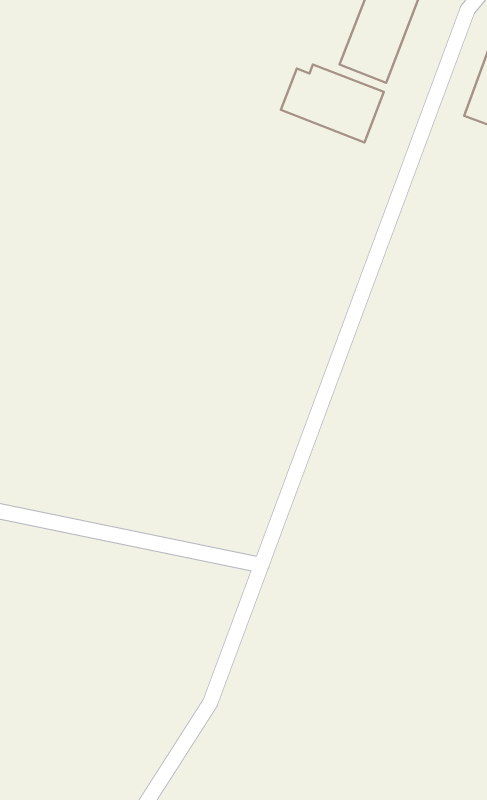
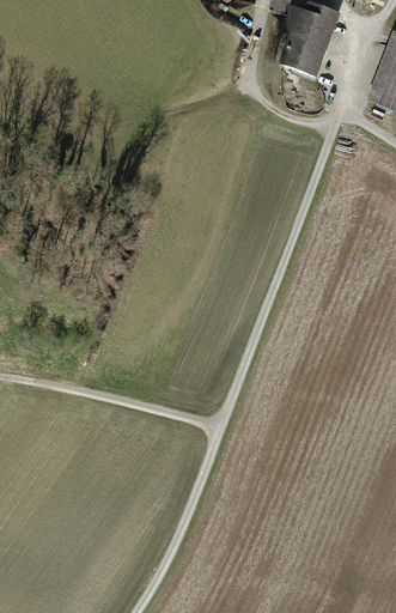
building: [281,65,384,142] -> none

